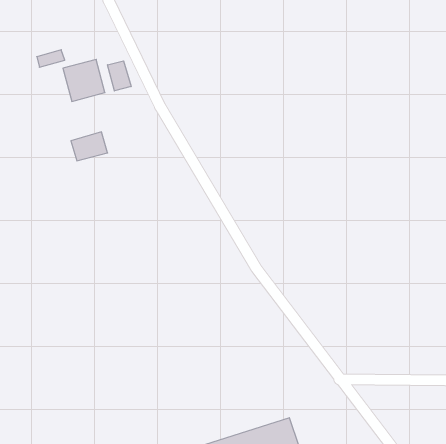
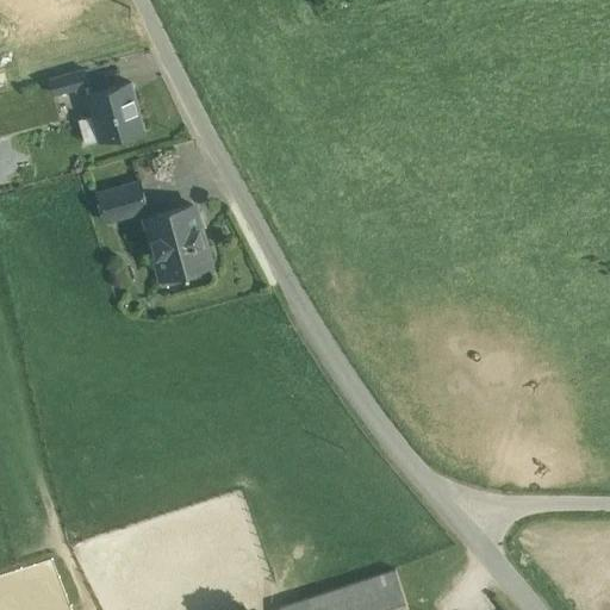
building: [108,61,131,91] -> none
building: none -> [147,207,208,279]

